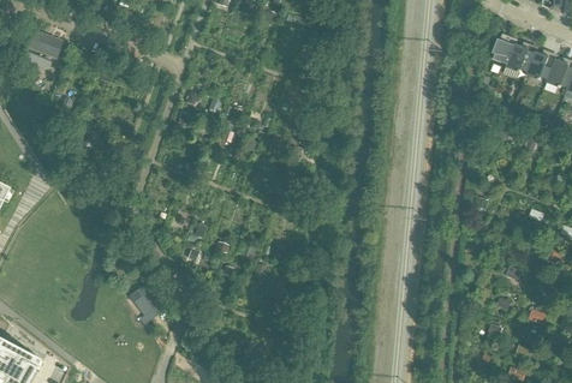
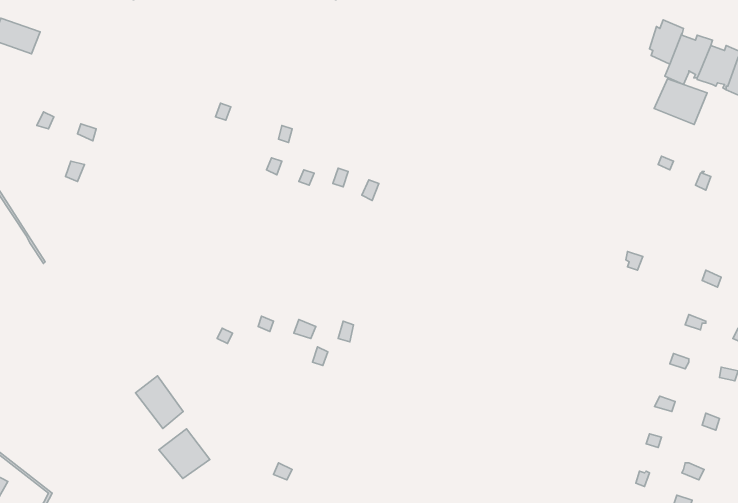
building: none -> [654,79,707,124]
building: none -> [159,429,210,479]

